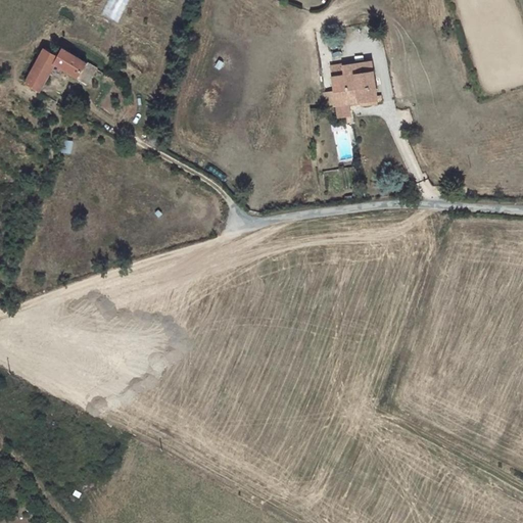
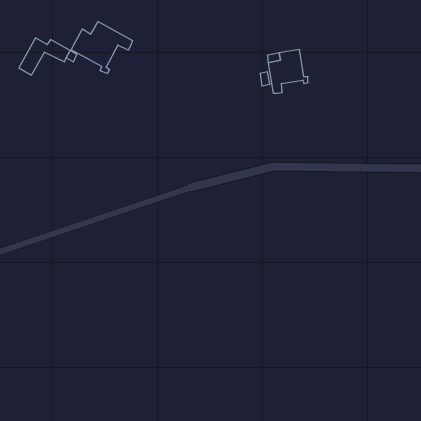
building: none -> [71,22,132,73]

